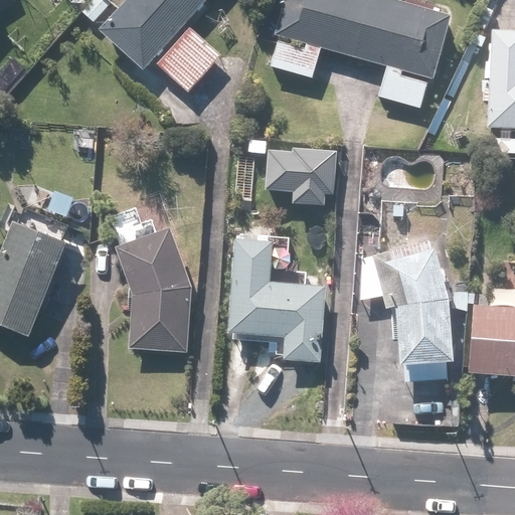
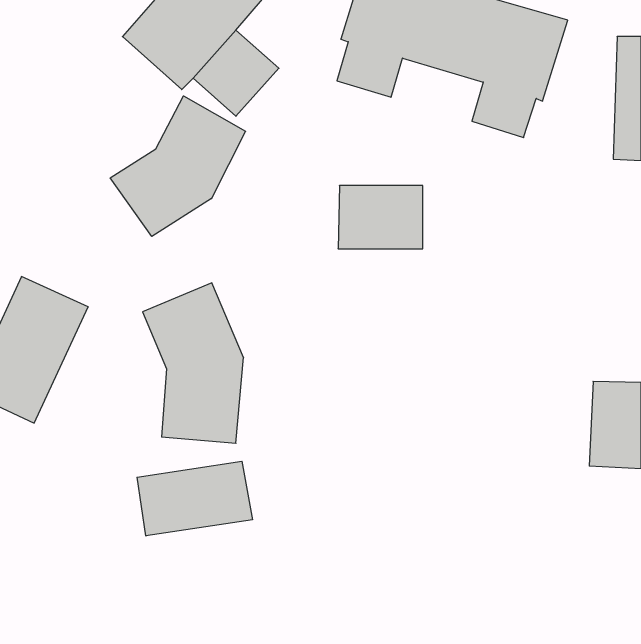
building: none -> [110,96,246,236]
building: [227,239,325,359] -> none
building: [361,242,455,380] -> none
building: none -> [137,461,252,536]

